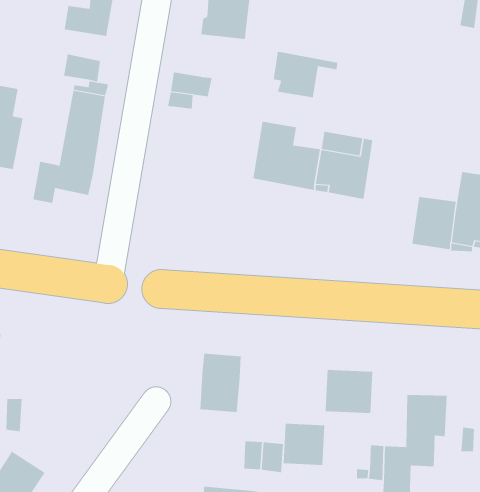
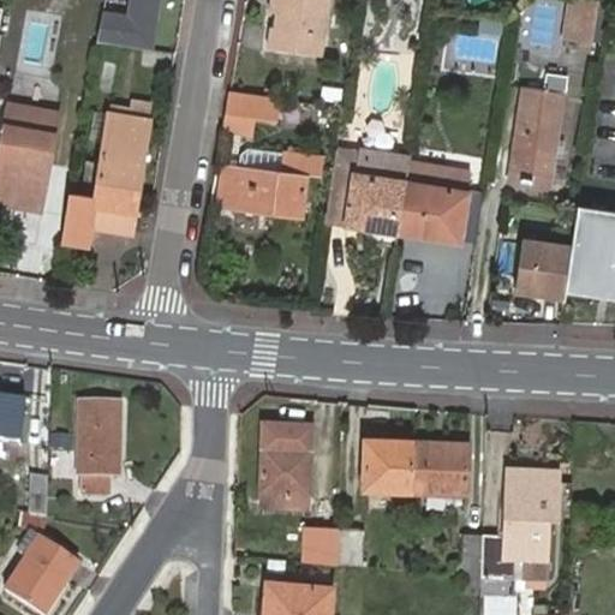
building: [273,51,338,98] -> none
building: [63,54,101,82] -> none
building: none -> [510,84,567,181]
building: none -> [220,145,310,216]
building: none -> [79,404,120,496]
building: [283,423,325,465] -> [364,442,414,492]

